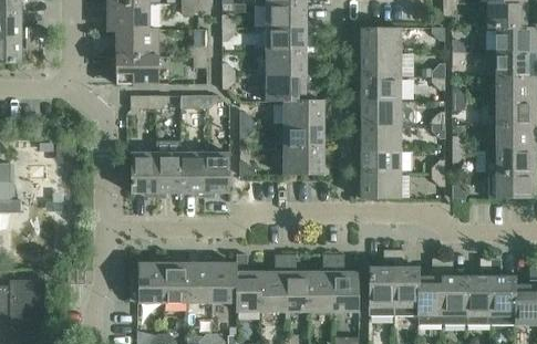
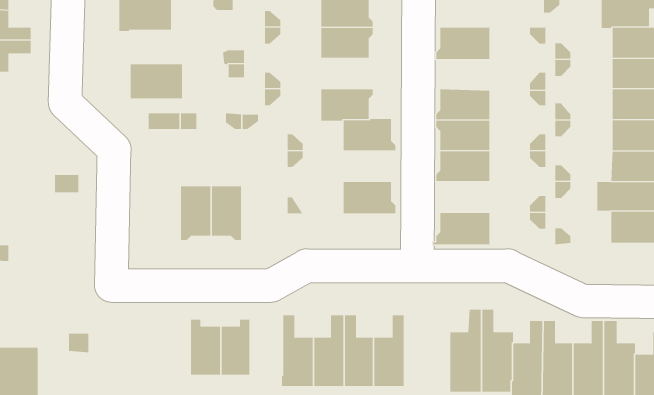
building: [115,29,157,56] -> none
building: [266,52,308,76] -> none
building: [357,53,400,77] -> none
building: [283,125,326,149] -> none
building: [357,149,400,174] -> none
building: [130,153,155,196] -> none
building: [204,153,229,196] -> none
building: [332,254,358,311] -> none
building: [128,258,163,302] -> none
building: [210,258,236,302] -> none

